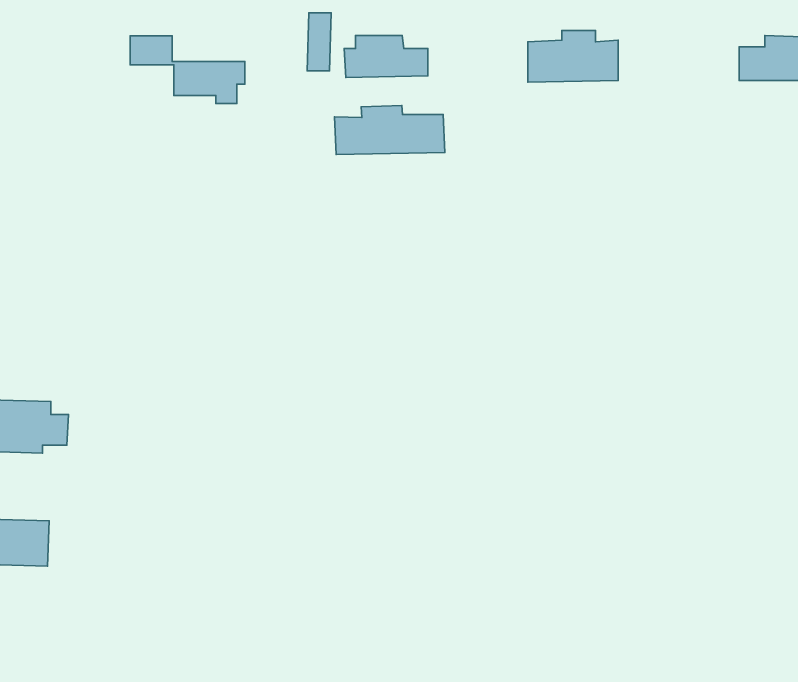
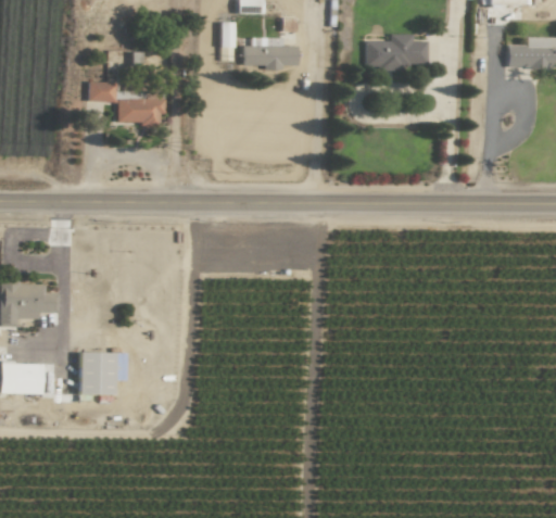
building: [130,36,245,103] -> [88,81,165,127]
building: [335,105,445,154] -> none
building: none -> [80,352,117,395]

